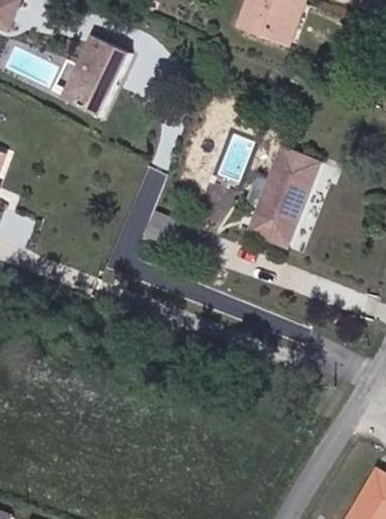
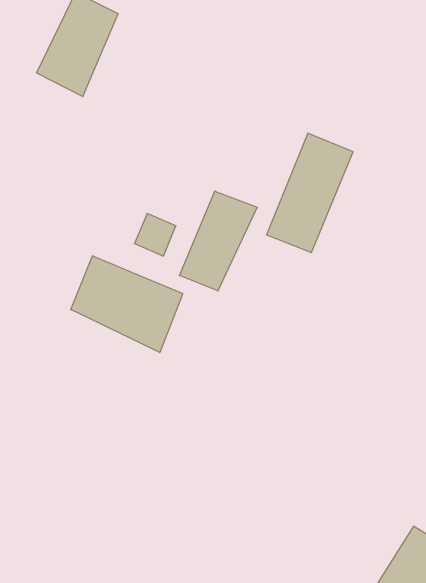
building: none -> [180,191,257,291]
building: none -> [71,256,183,353]

